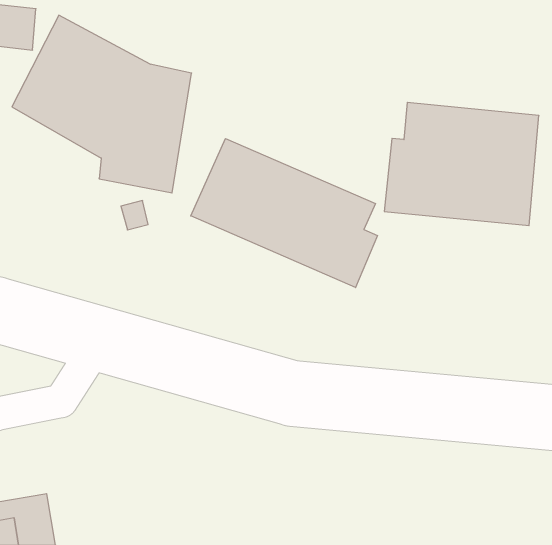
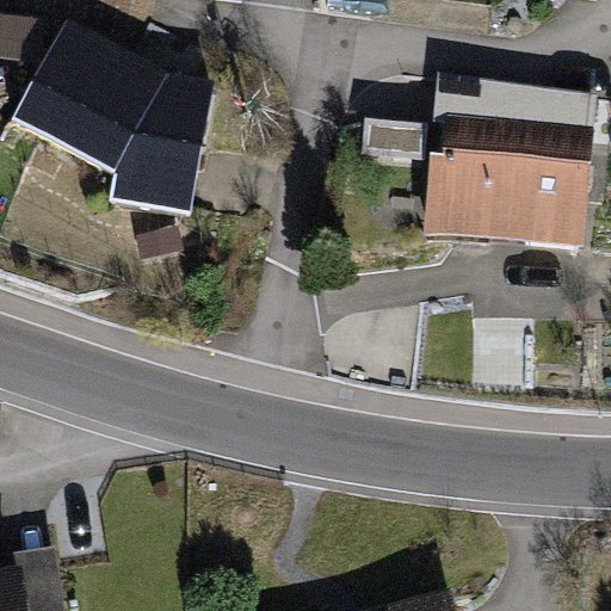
building: [191,139,377,288] -> none

